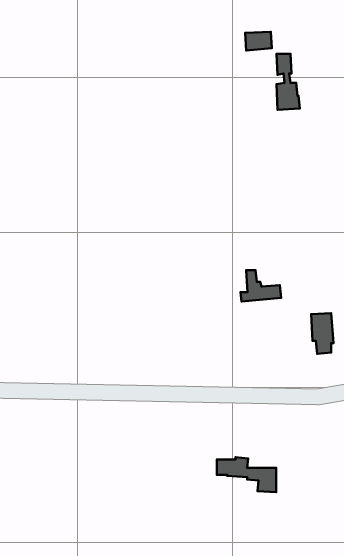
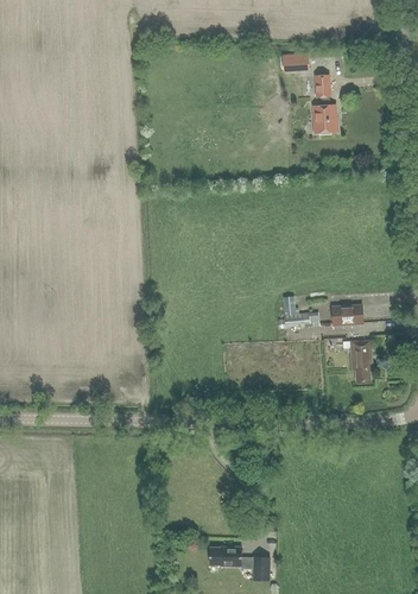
building: none -> [330,303,363,326]
building: [217,457,276,492] -> [209,545,270,581]

